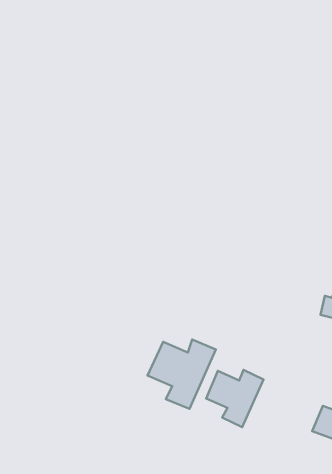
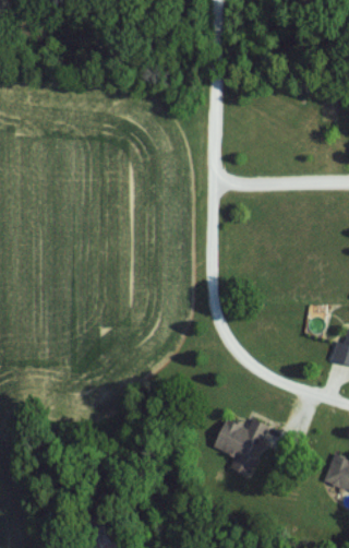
building: [147,340,216,409] -> none

